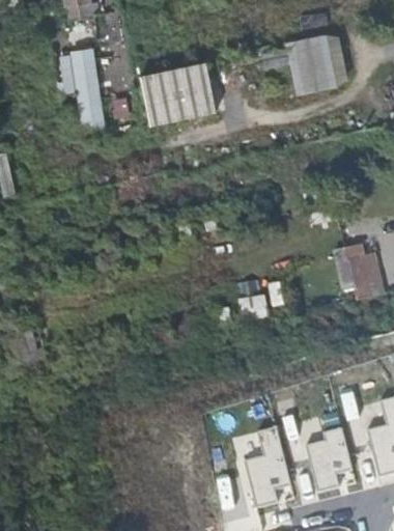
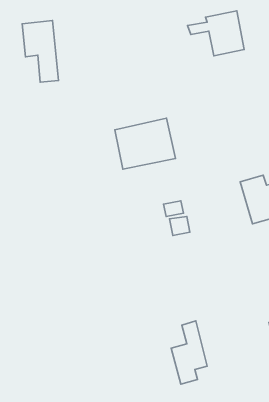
building: [140,62,217,127] -> [115,118,176,169]
building: [307,427,353,492] -> none

